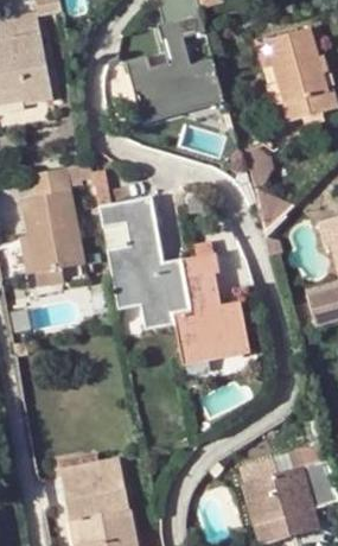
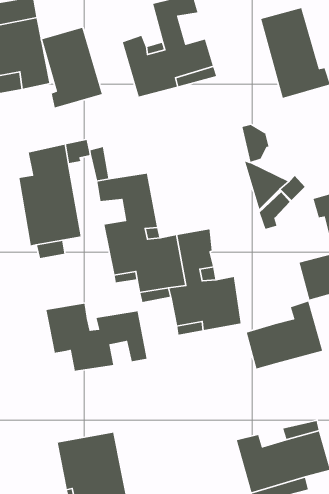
building: none -> [41,27,103,108]
building: none -> [246,301,323,370]
building: none -> [45,303,147,371]

